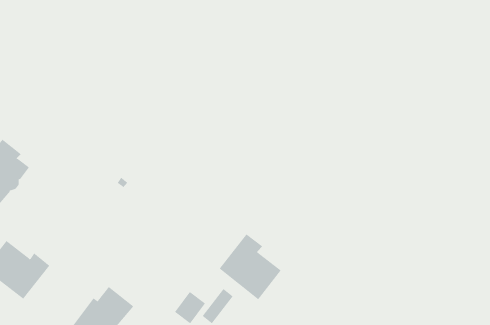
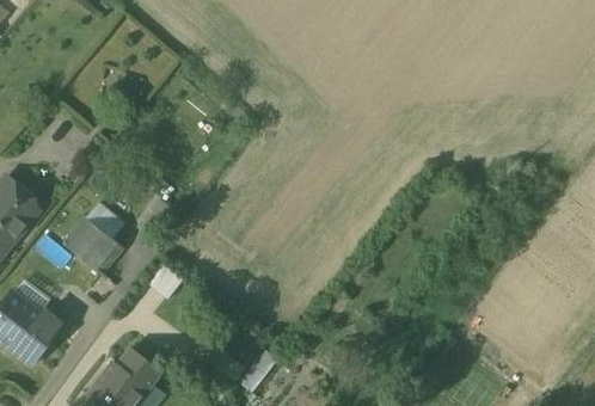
building: none -> [63,215,124,275]
building: [219,234,281,300] -> none

